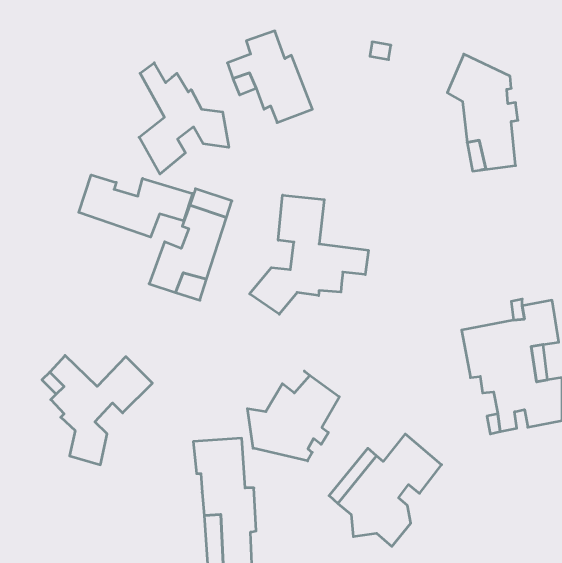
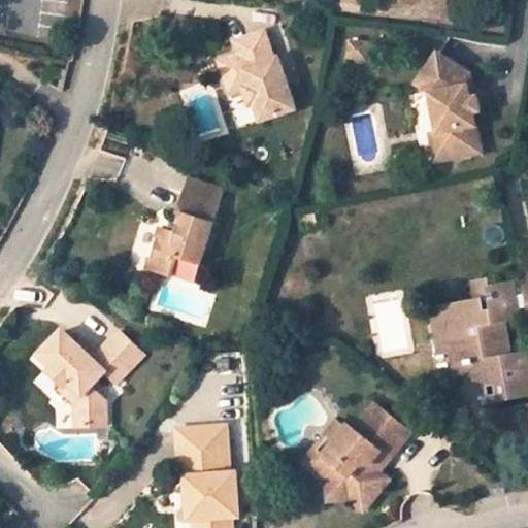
building: [139,63,229,174] -> none
building: [79,175,193,237] -> none
building: [250,195,368,314] -> none
building: [247,371,339,461] -> none

